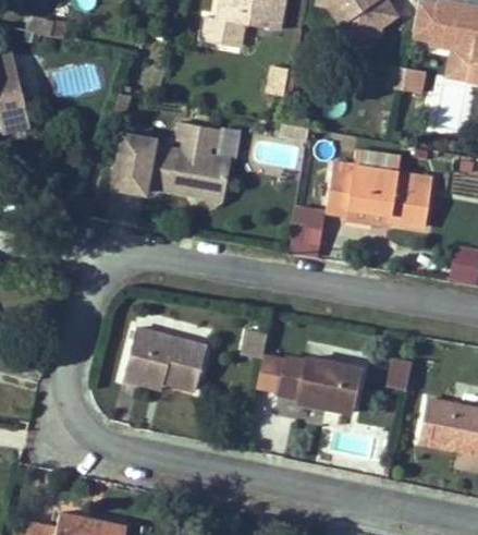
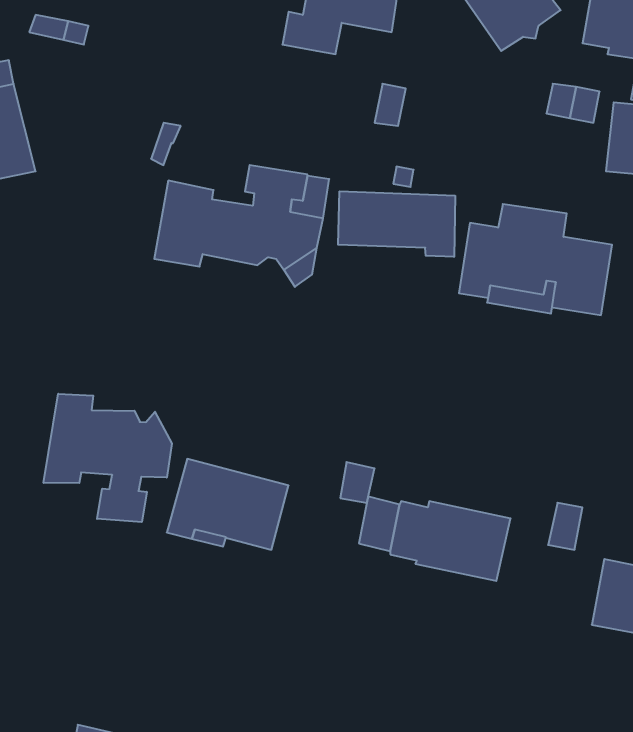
building: none -> [338,191,455,257]
building: [291,207,324,244] -> none
building: none -> [44,394,172,522]

